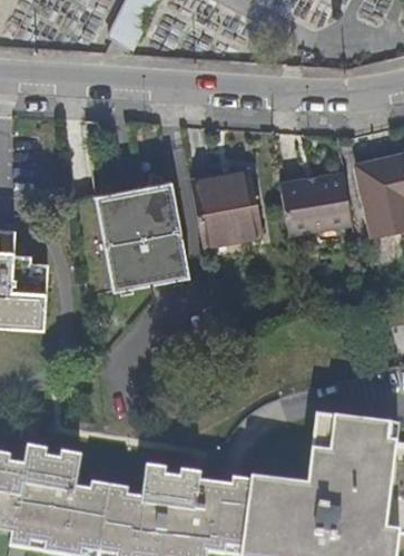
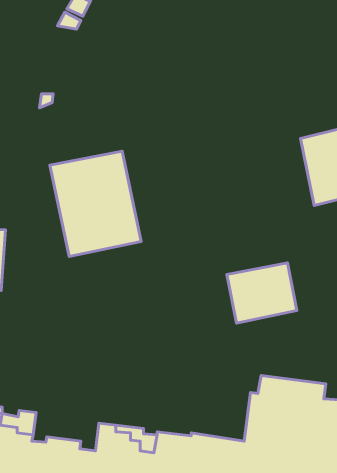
building: [277,169,351,233] -> [227,263,297,323]
building: [193,173,264,247] -> none

